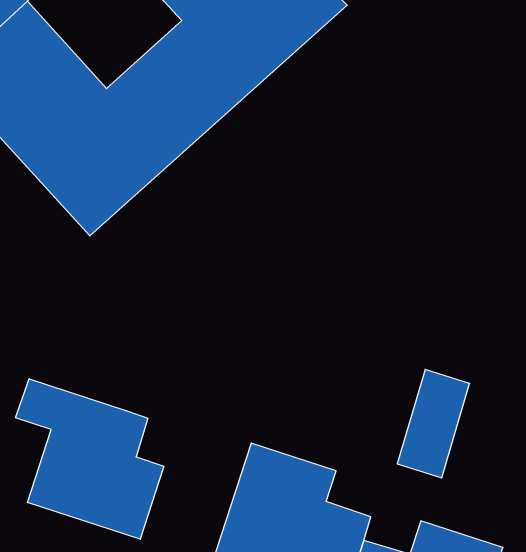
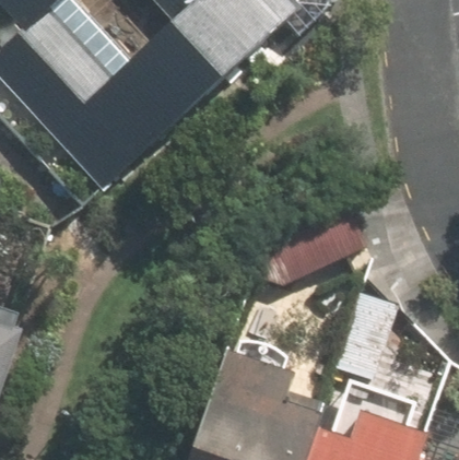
building: [16,379,164,539] -> none

